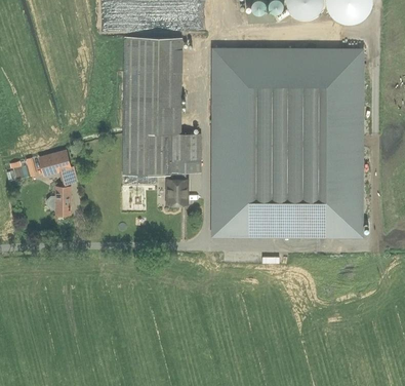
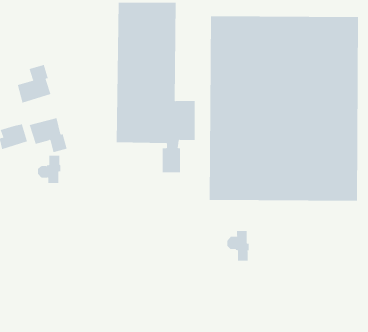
building: none -> [17,64,51,104]
building: none -> [227,230,249,261]

